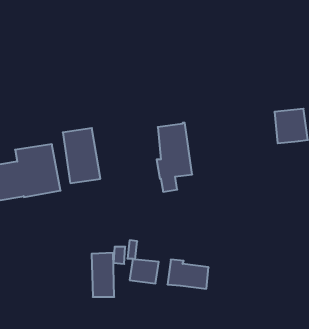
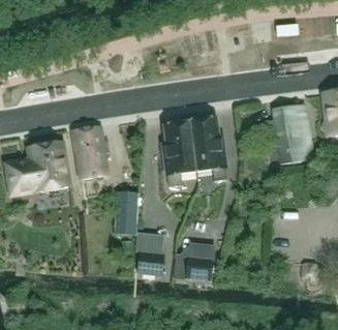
building: none -> [189,116,226,180]
building: none -> [276,138,302,164]
building: [92,253,114,297] -> [117,190,139,233]

